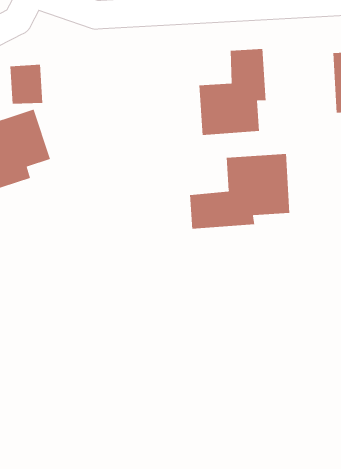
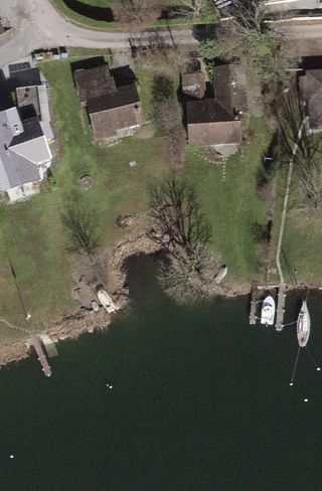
building: none -> [89,67,144,131]
building: [190,153,290,229] -> none

